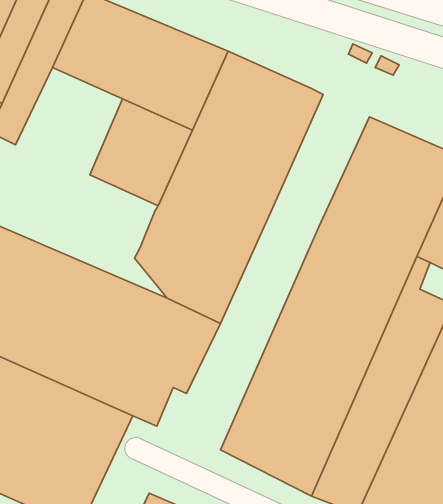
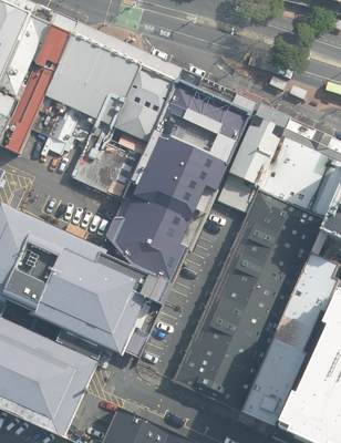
building: none -> [215,115,282,212]

